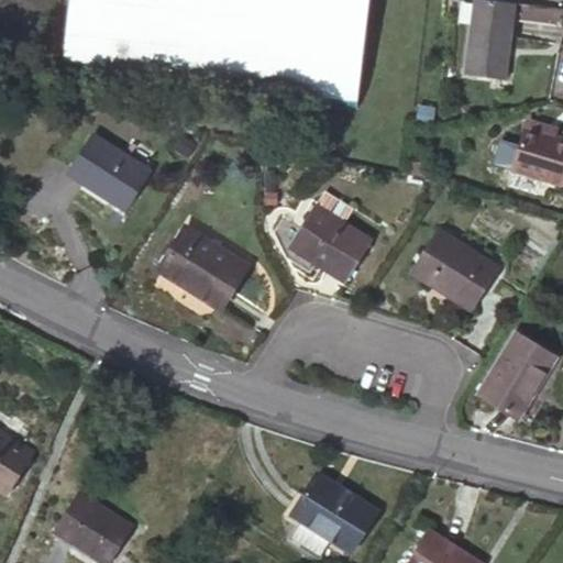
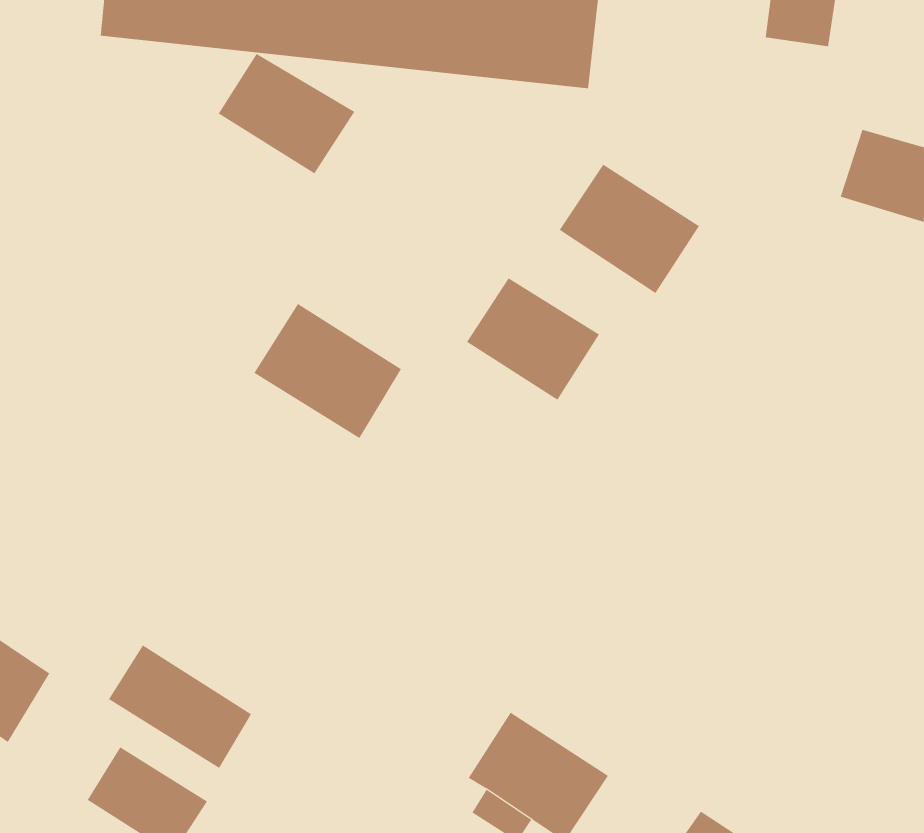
building: [67,134,150,207] -> [218,53,355,174]
building: [409,231,494,309] -> [559,164,700,294]
building: [477,335,555,420] -> none
building: none -> [108,644,252,769]

